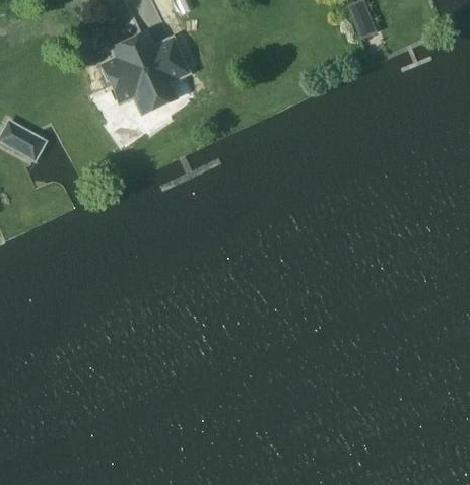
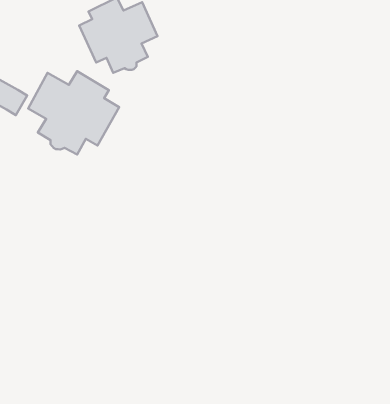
building: none -> [28,71,119,155]

